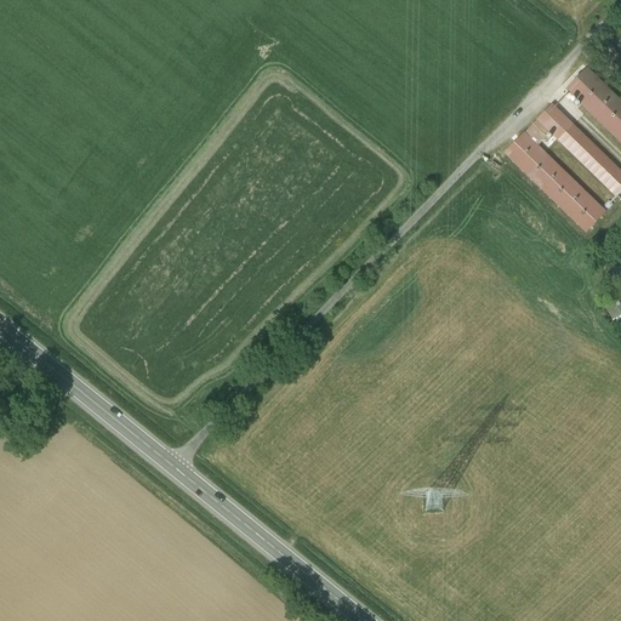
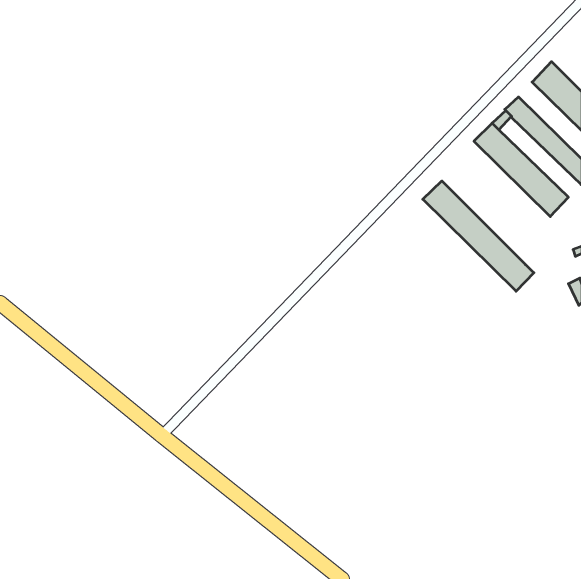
building: none -> [423,181,534,291]

